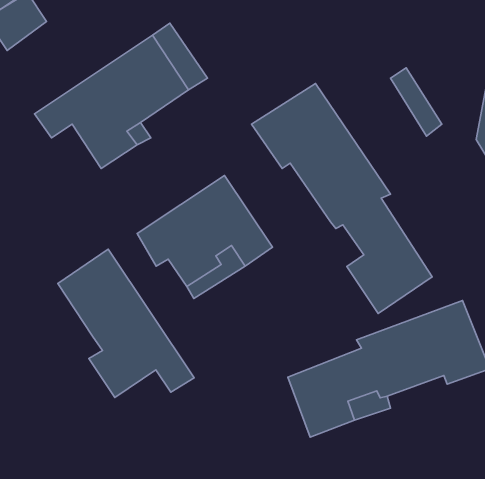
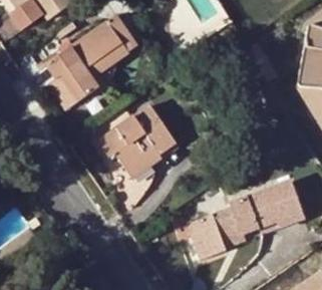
building: [252,83,432,314] -> none
building: [58,249,194,398] -> none

